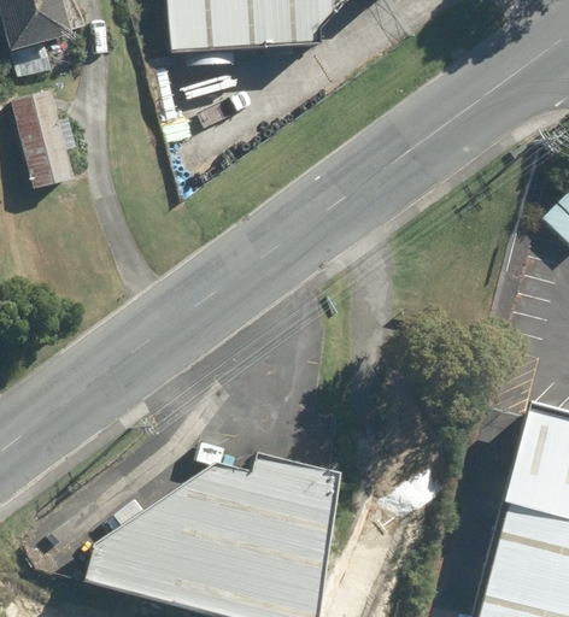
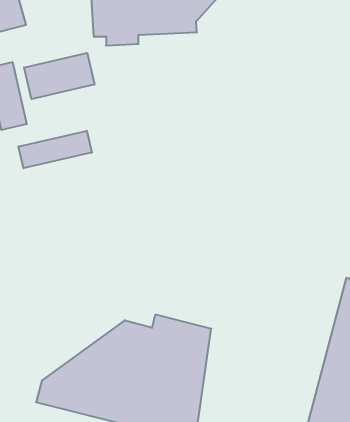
building: none -> [24,53,95,99]
building: none -> [18,131,92,168]

